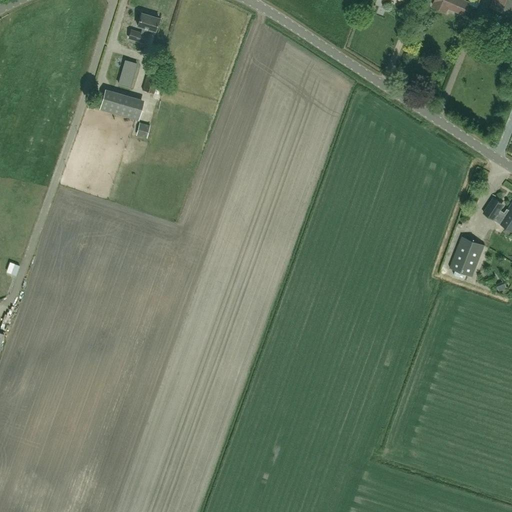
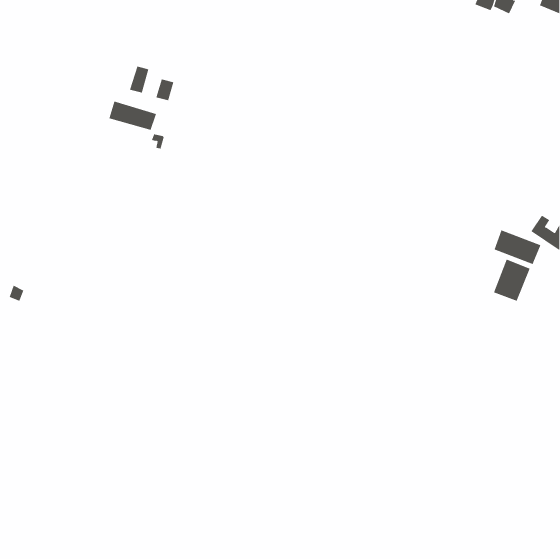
building: [130,12,160,43] -> none
building: none -> [494,229,541,265]

